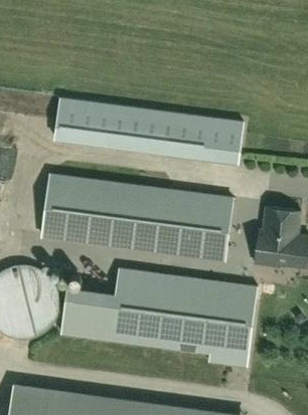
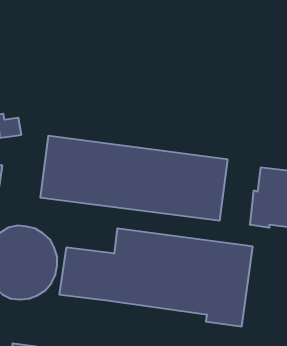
building: [54,98,242,163] -> none

